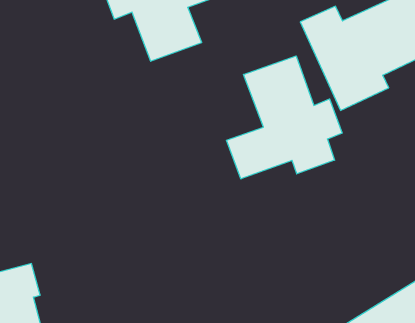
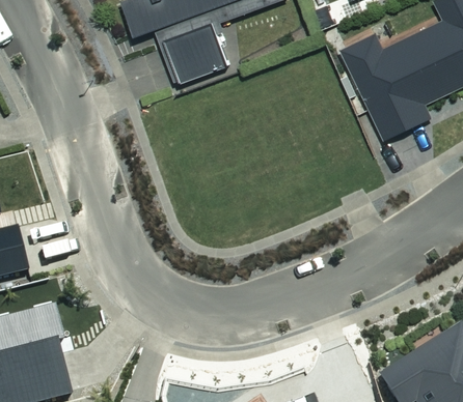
building: [226,56,342,179] -> none

